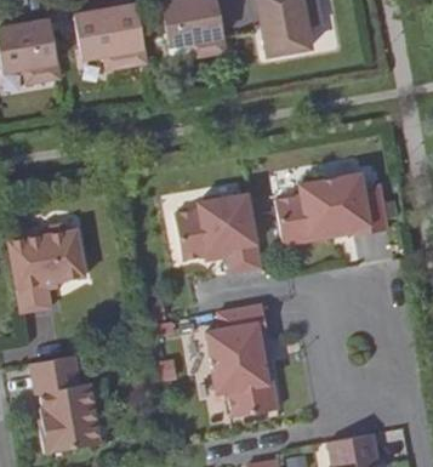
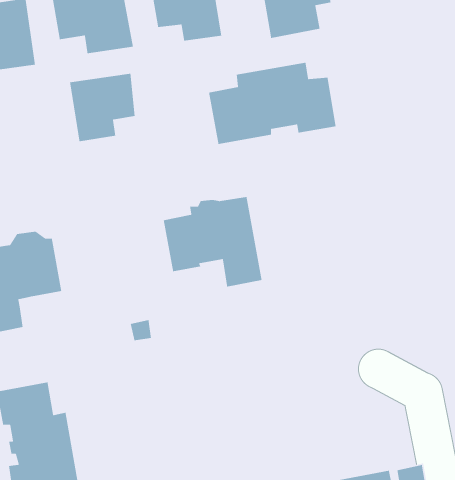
building: none -> [69,73,135,142]
building: [274,172,387,245] -> [208,62,337,145]
building: [205,304,278,417] -> none

